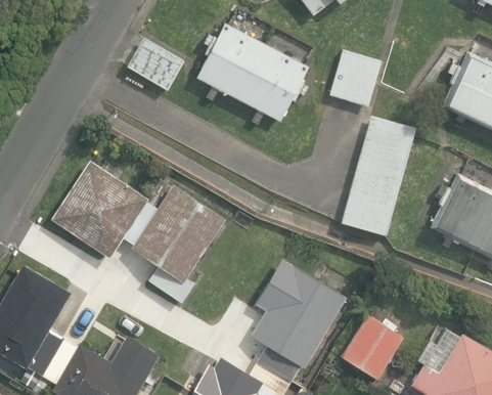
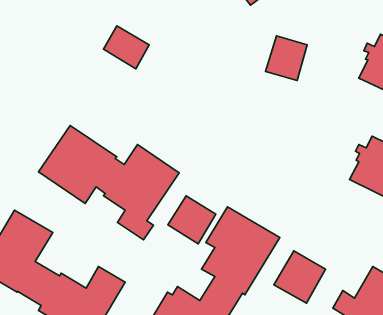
building: [197,24,311,120] -> none
building: [342,116,416,235] -> none
building: none -> [168,196,216,244]

